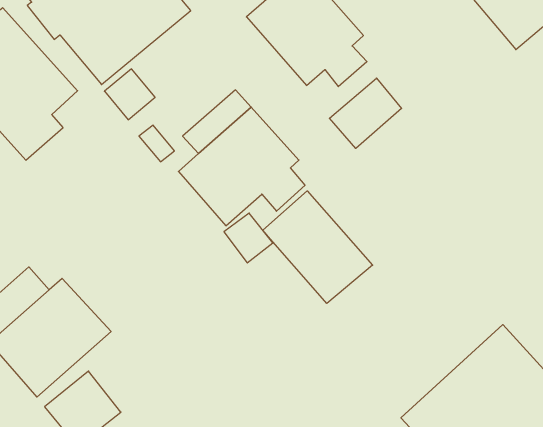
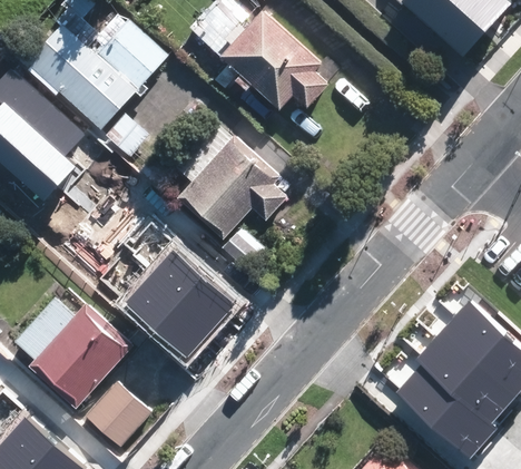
building: [329,78,402,148] -> none
building: [263,191,373,303] -> none
building: none -> [122,252,232,359]

